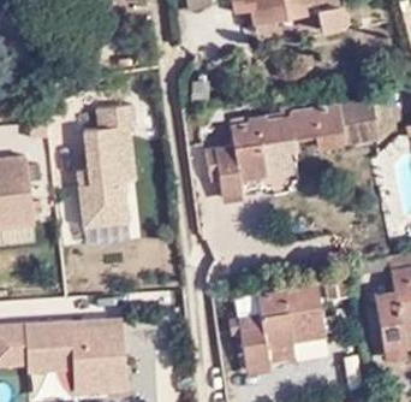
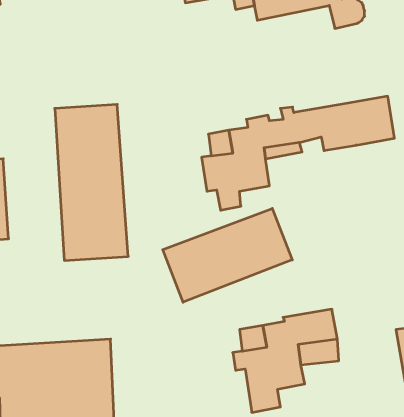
building: none -> [163,208,292,302]

